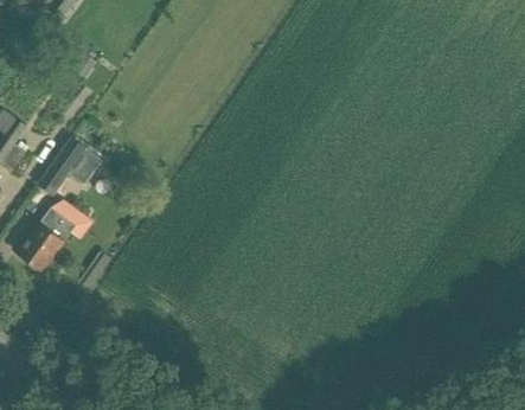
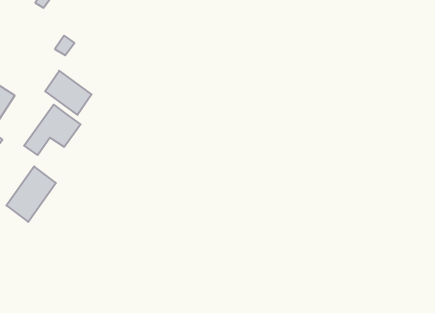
building: none -> [45,71,92,115]

